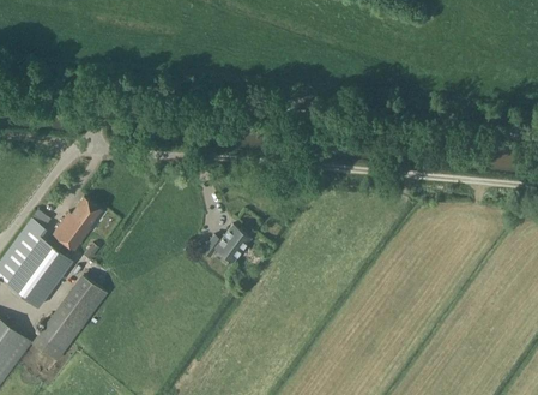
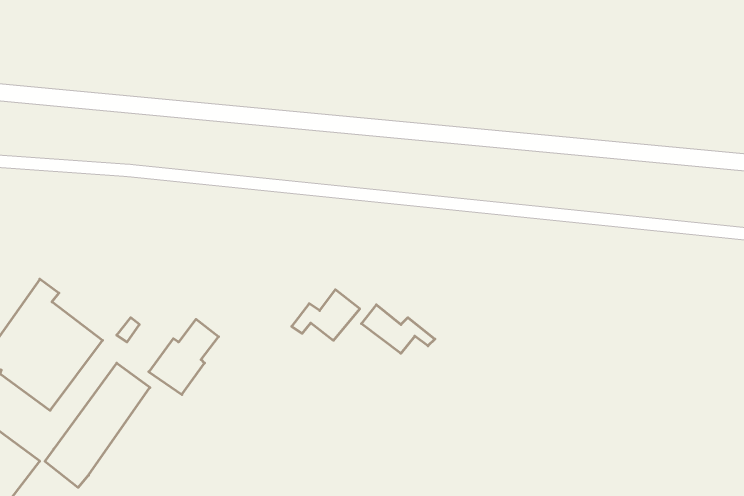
building: [52,198,99,250] -> [149,319,219,395]
building: none -> [361,305,435,353]

